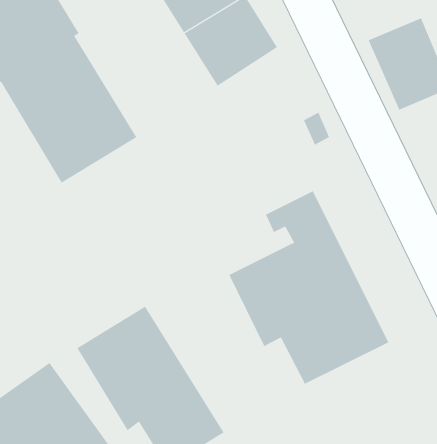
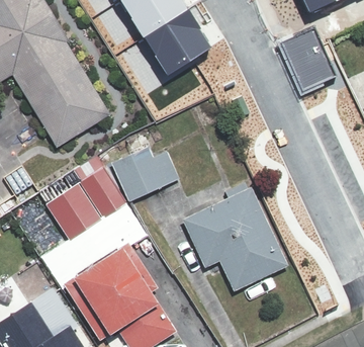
building: none -> [111,153,180,205]
building: none -> [44,157,122,239]

